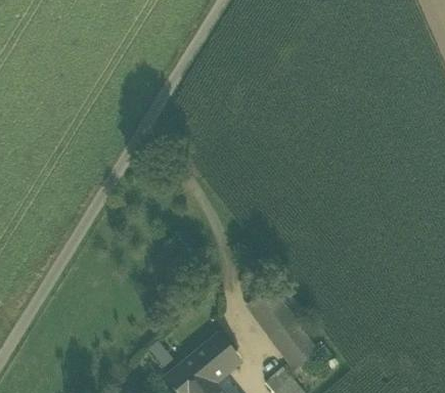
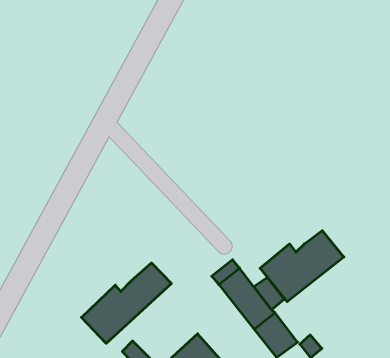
building: none -> [260,231,344,302]
building: none -> [81,263,171,343]

